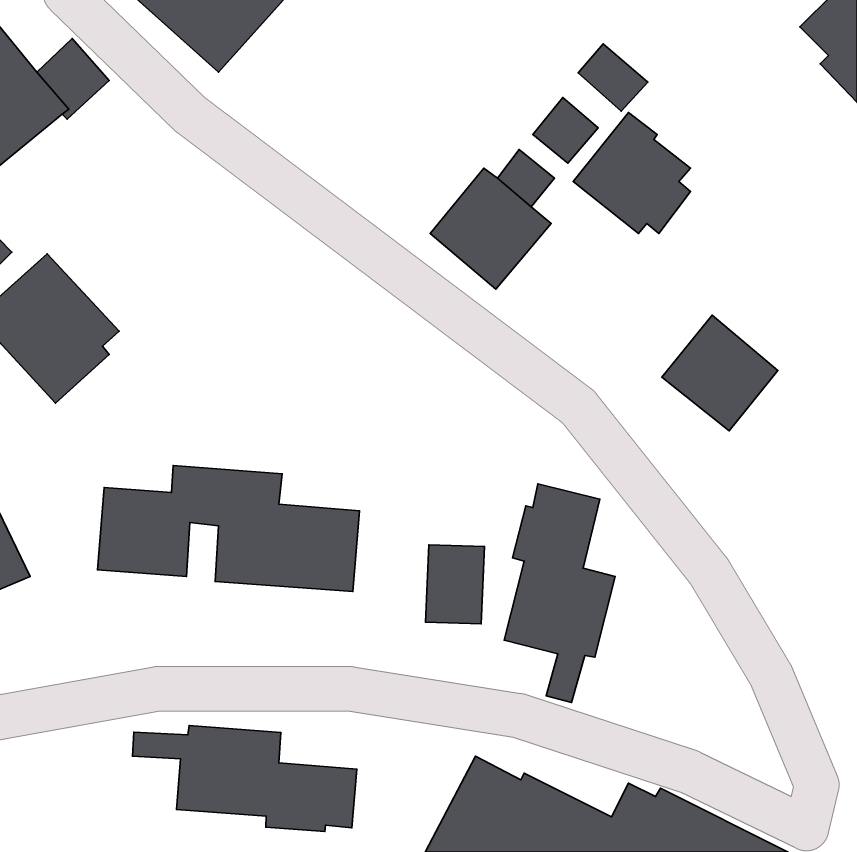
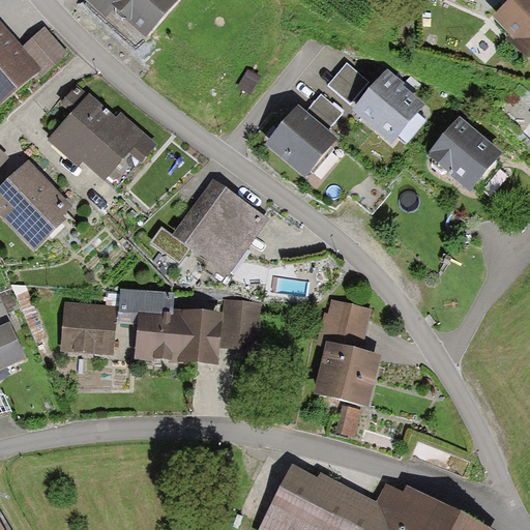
building: [578,44,648,111] -> none
building: none -> [48,93,156,179]
building: none -> [172,179,269,276]
building: [662,315,778,431] -> [428,118,499,189]
building: [426,545,484,624] -> [223,297,259,346]
building: [132,726,357,832] -> none

